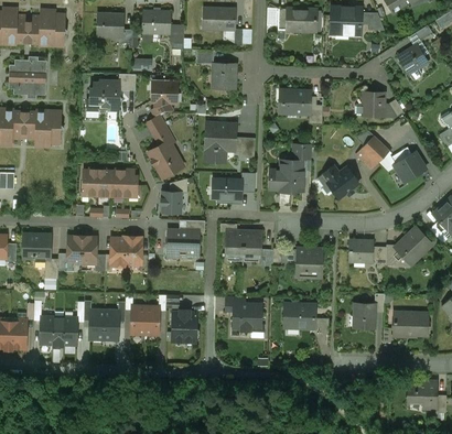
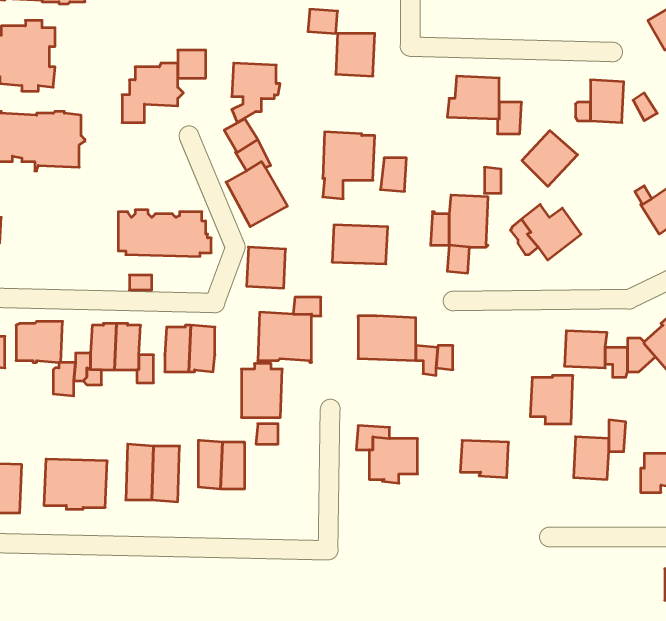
building: [356,137,389,170] -> [522,131,578,186]
building: [297,249,322,278] -> [530,376,573,424]
building: [172,310,196,341] -> [241,364,282,417]

